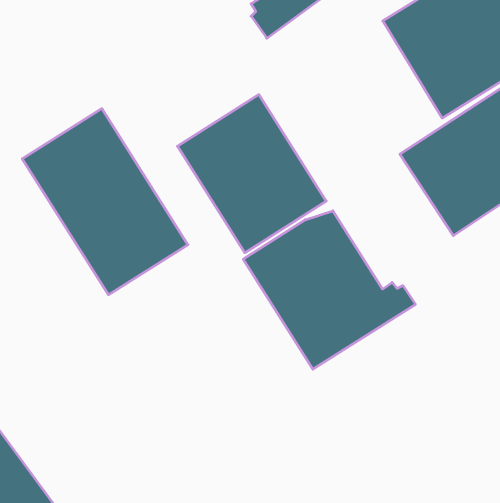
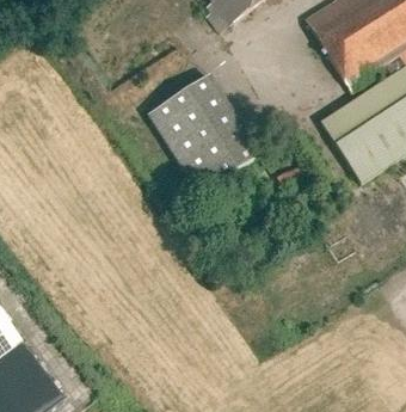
building: [22,109,188,295] -> none
building: [243,211,415,369] -> none

